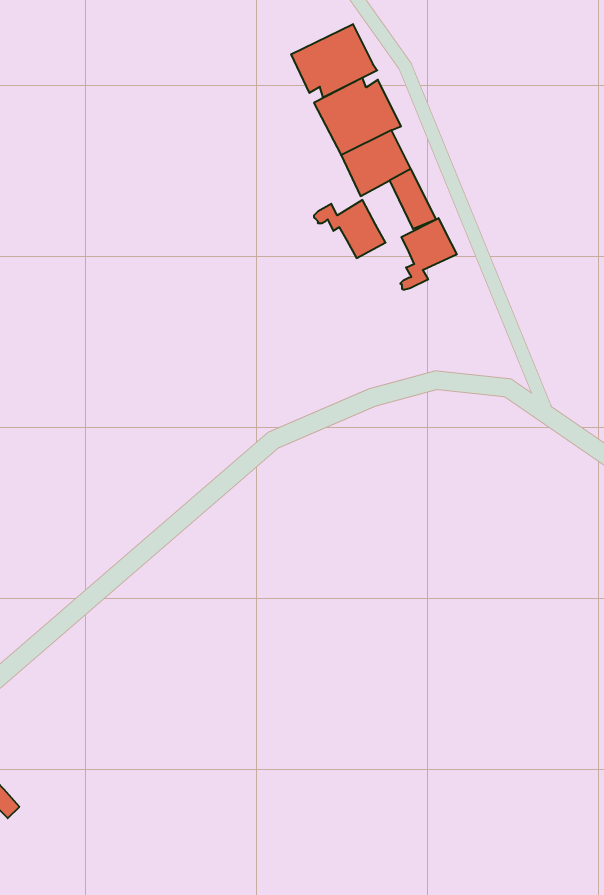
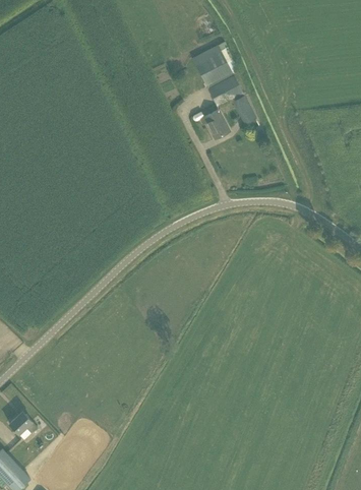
building: [291,24,377,97] -> none
building: [400,218,457,290] -> none

